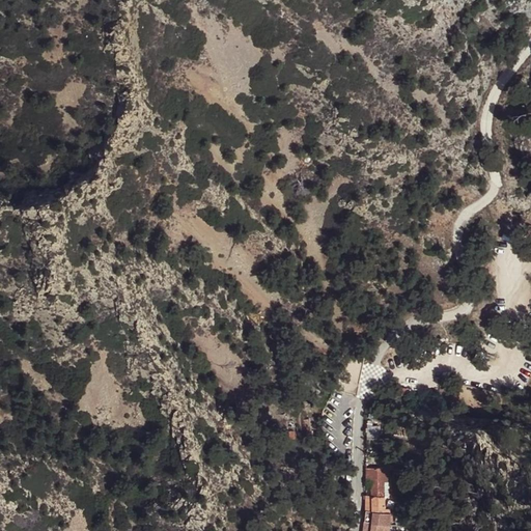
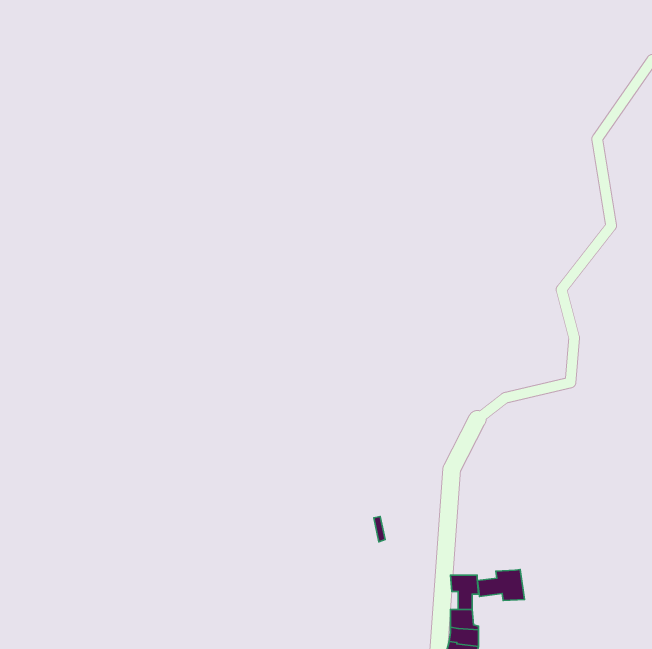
building: none -> [477,569,524,601]

